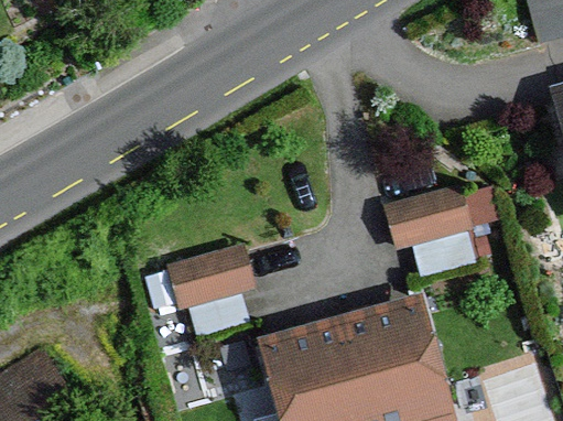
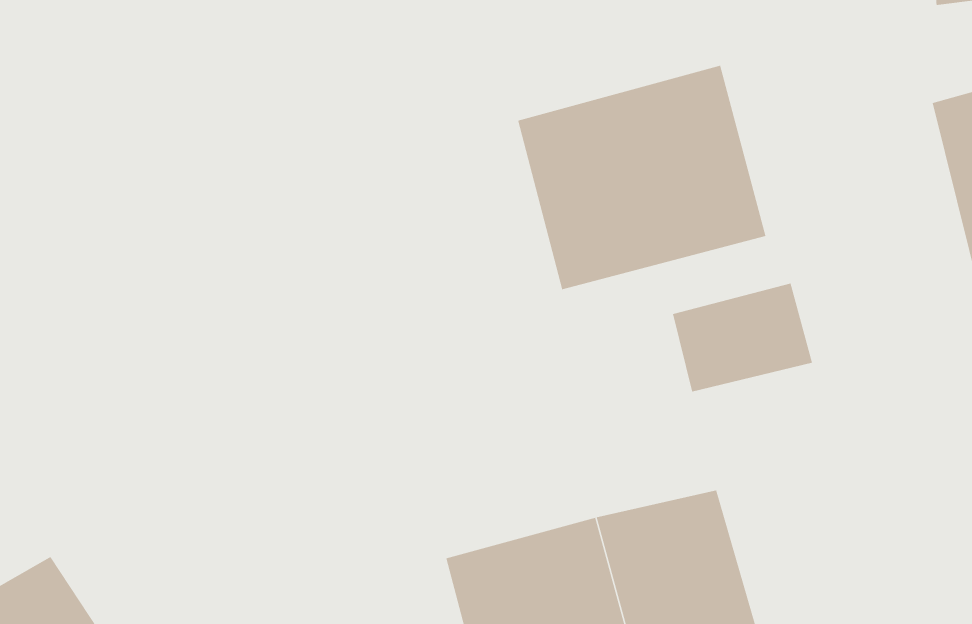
building: none -> [517,65,766,290]
building: [166,245,260,311] -> none

